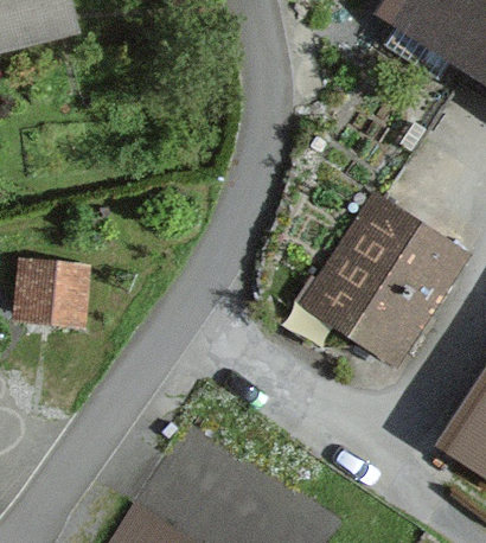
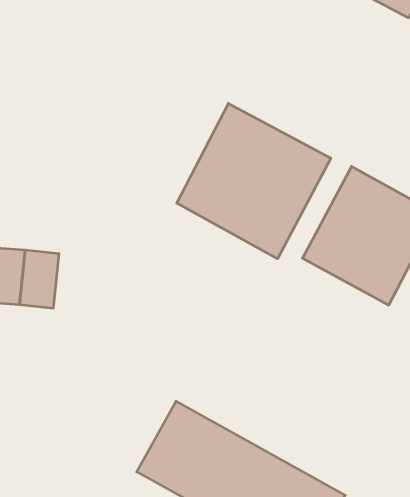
building: none -> [177,103,331,259]

